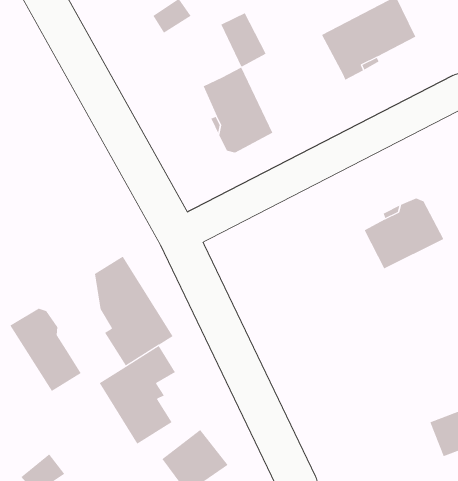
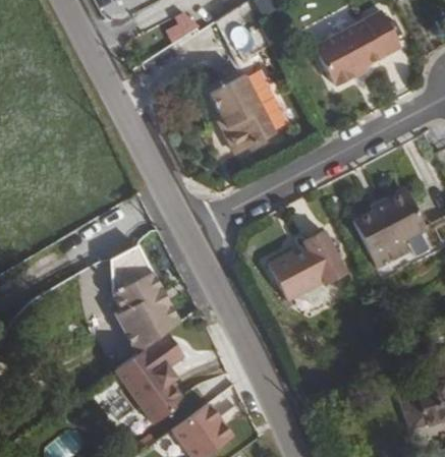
building: none -> [268,232,346,301]
building: [9,308,81,392] -> none

